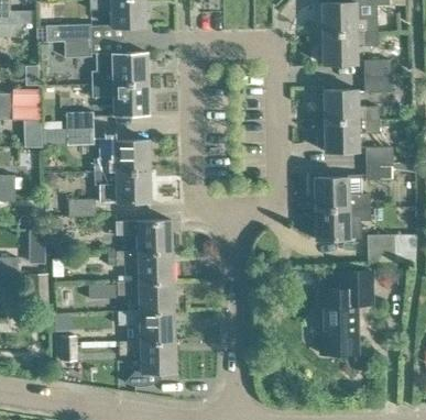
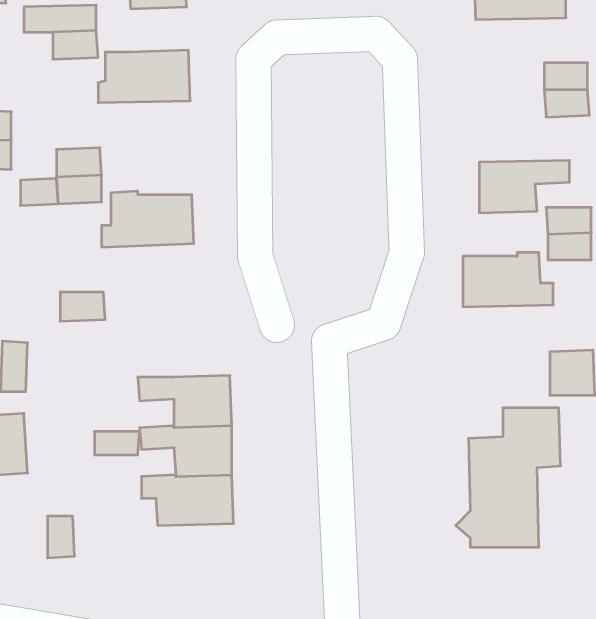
building: [321,33,378,65] -> none
building: [91,84,148,115] -> none
building: [323,90,379,121] -> none
building: [94,170,151,203] -> none
building: [314,208,370,240] -> none
building: [116,221,172,252] -> none
building: [119,341,175,387] -> none

